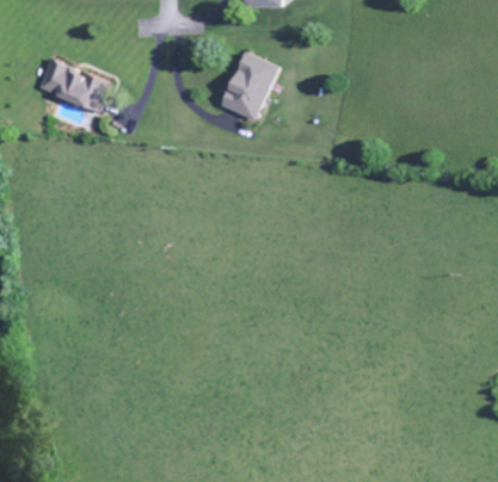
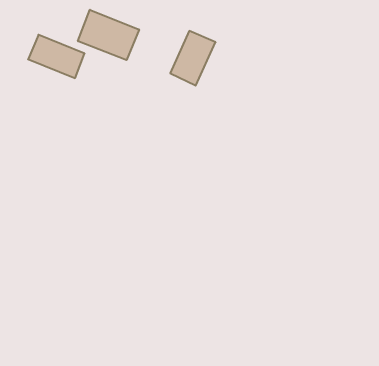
building: none -> [78,10,139,60]

